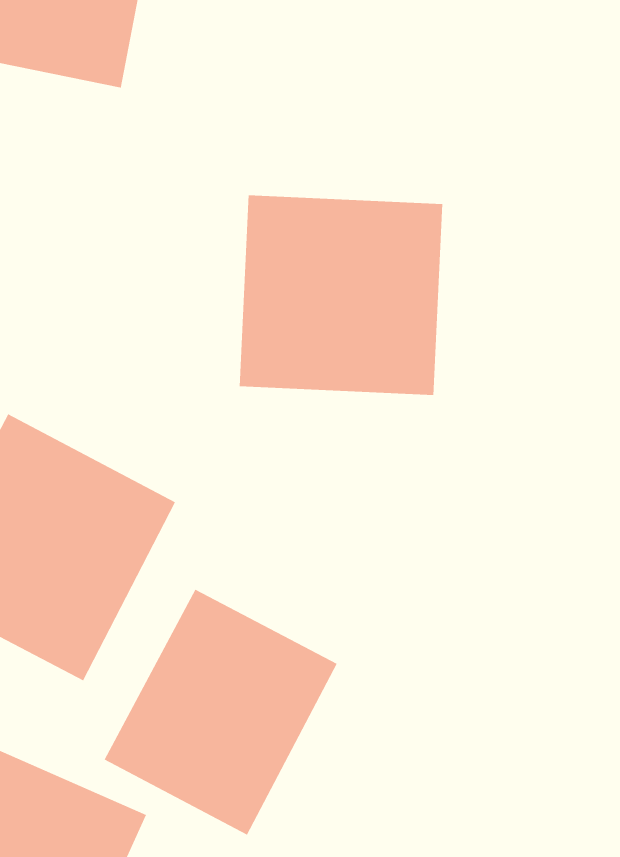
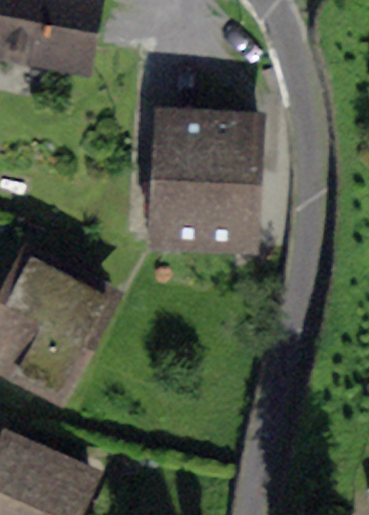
building: [104,589,337,836] -> none

